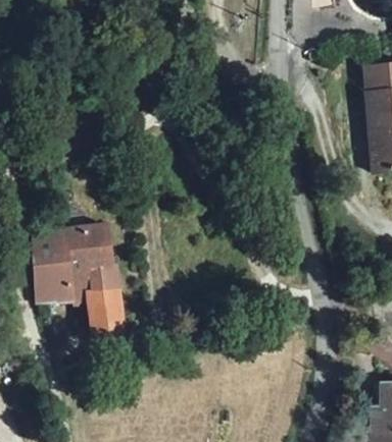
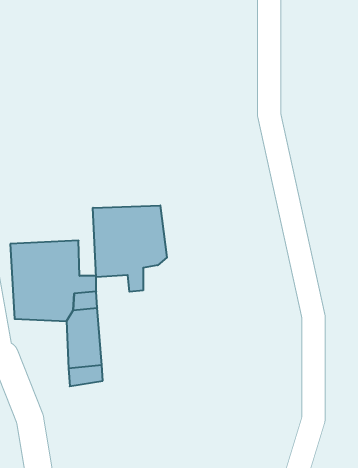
building: none -> [93,205,167,292]

